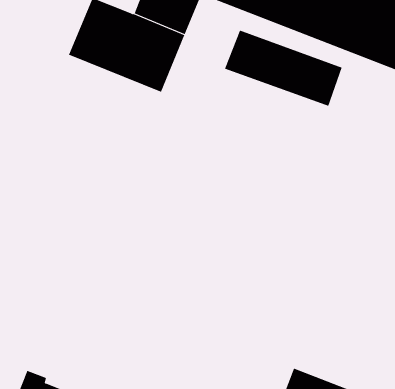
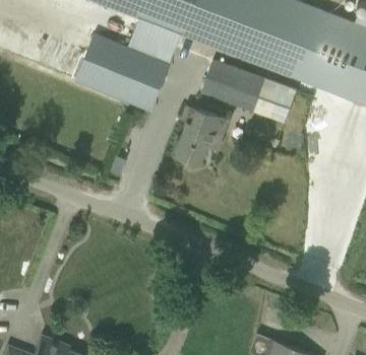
building: none -> [176,109,227,163]

